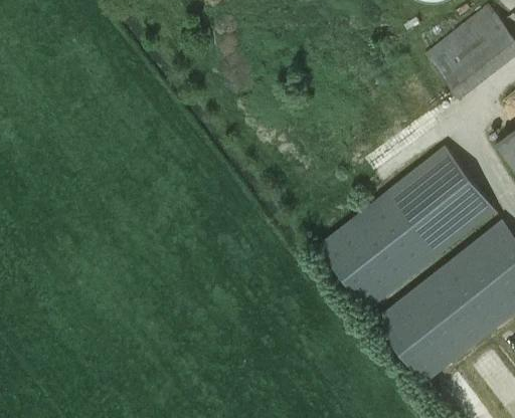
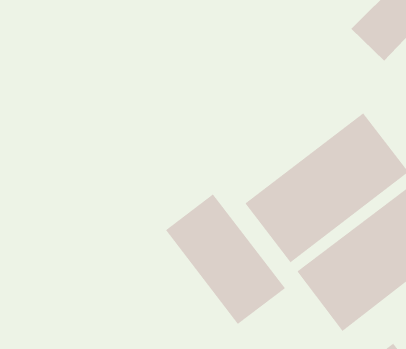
building: none -> [165,193,286,325]

